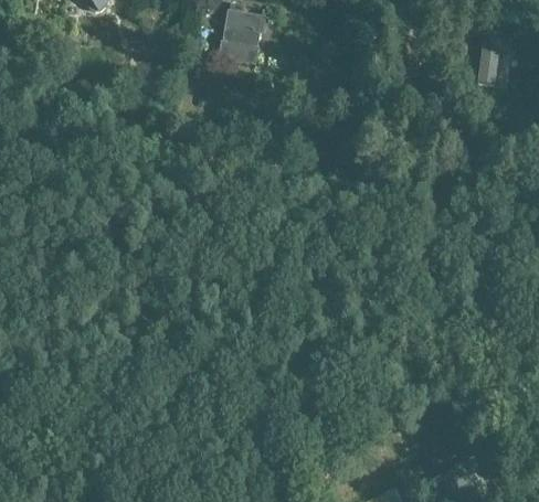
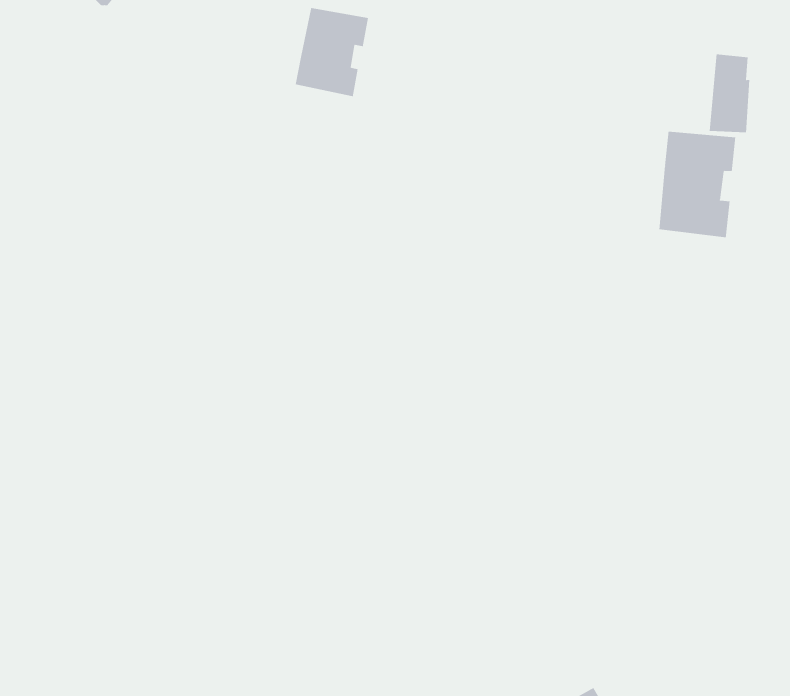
building: none -> [659,131,736,238]

